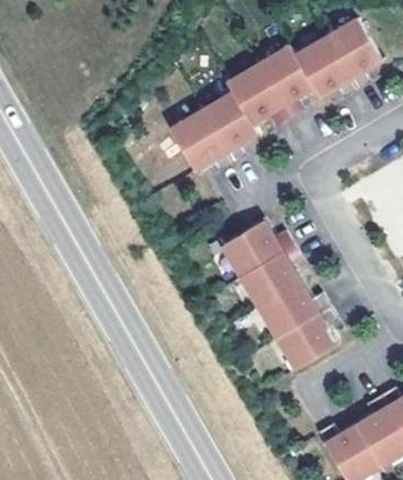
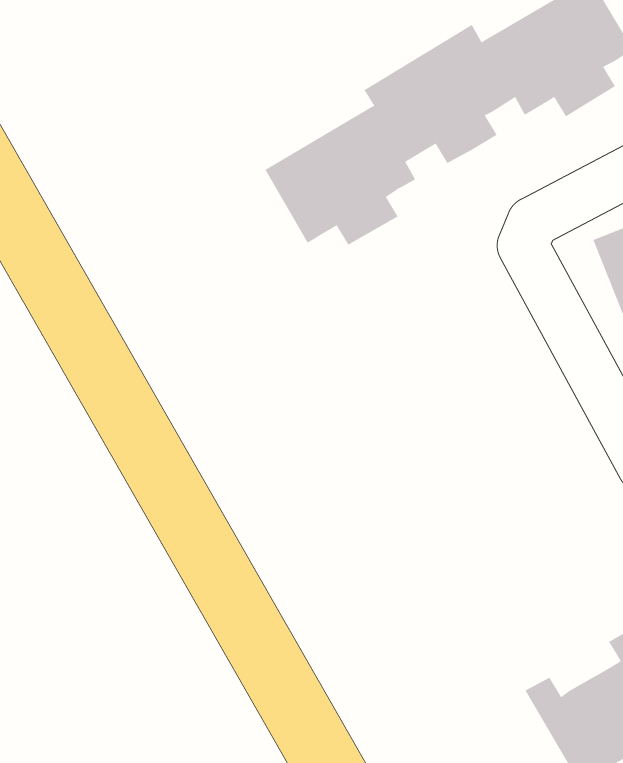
building: [221,220,339,369] -> none

